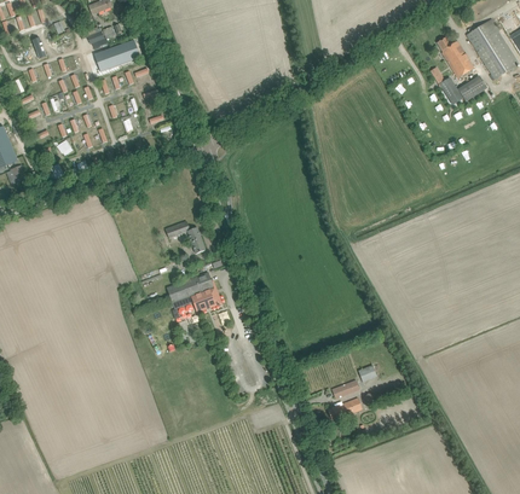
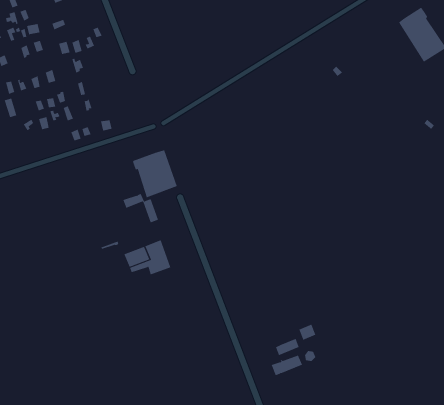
building: [437,36,474,77] -> none
building: [432,68,487,104] -> none
building: none -> [133,150,177,198]

